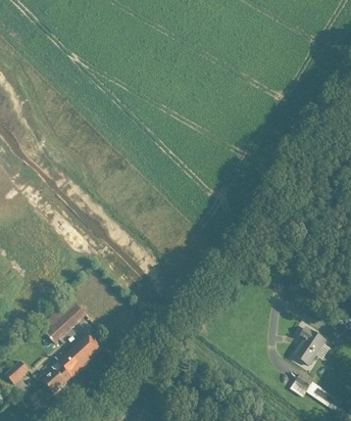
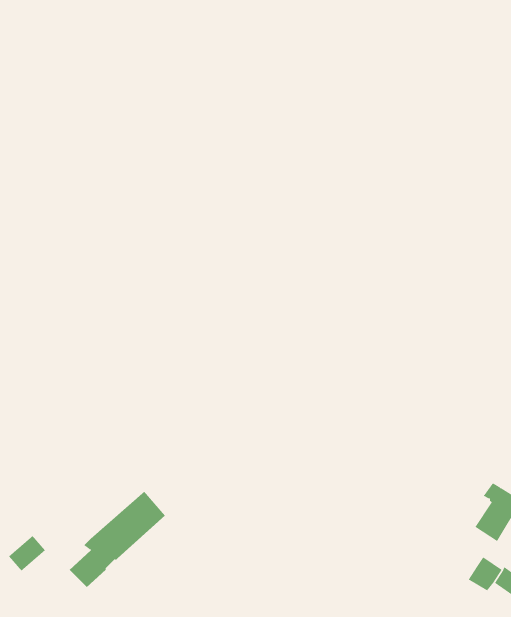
building: [39,299,85,343] -> none

